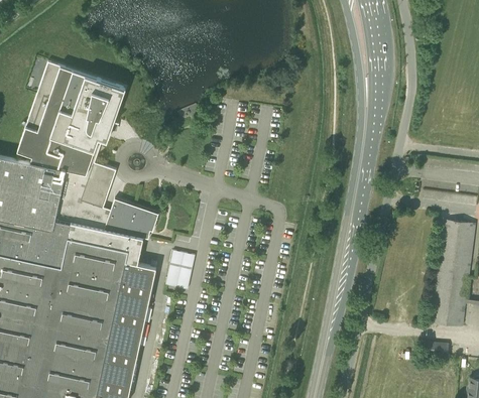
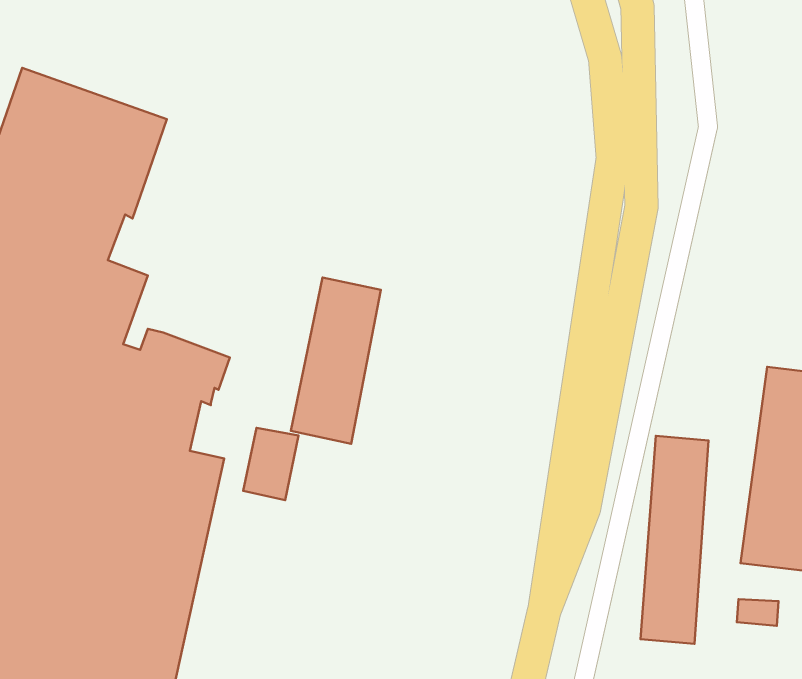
building: none -> [291,277,381,444]
building: none -> [640,436,709,644]

